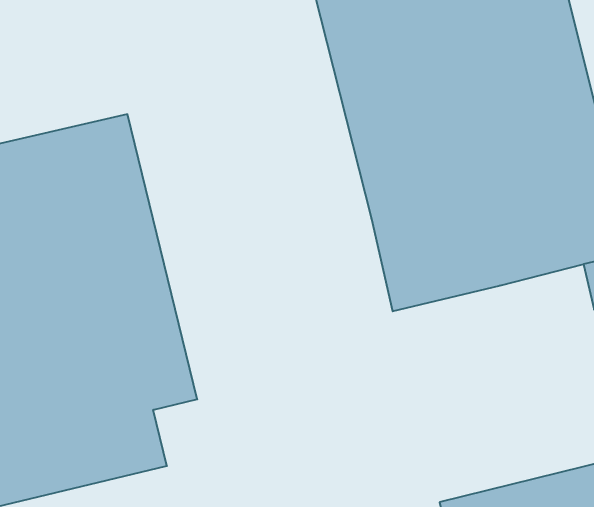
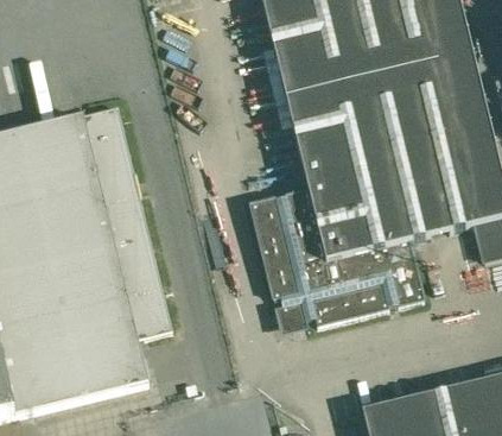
building: none -> [249,188,422,323]

